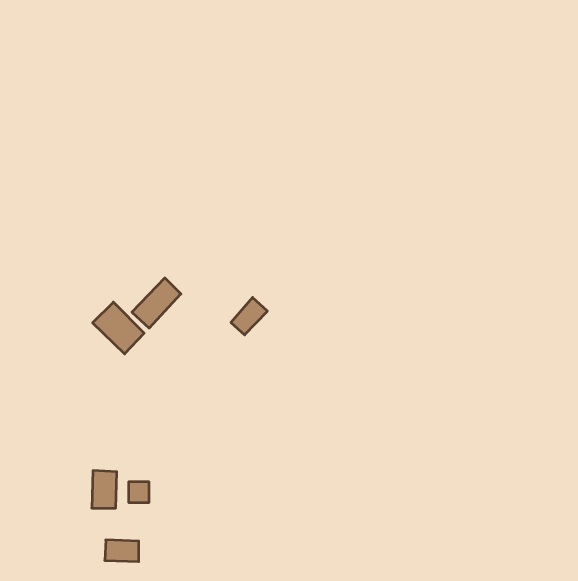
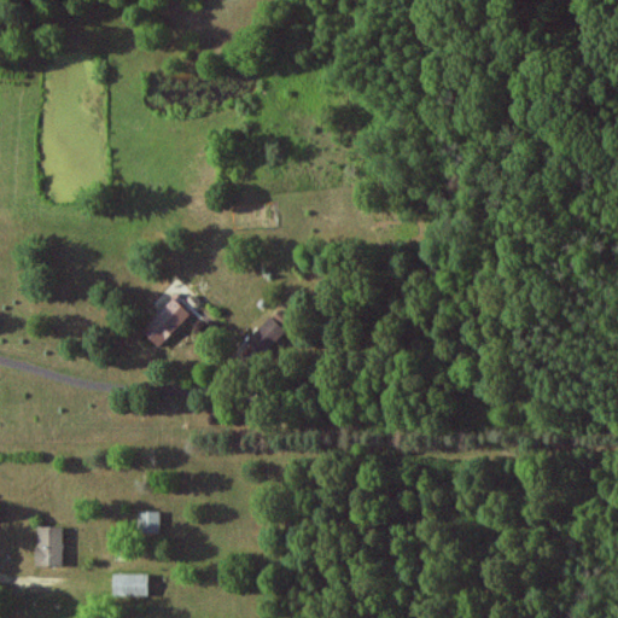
building: [93,302,144,354] -> none
building: [92,471,117,508] -> [35,526,62,566]

